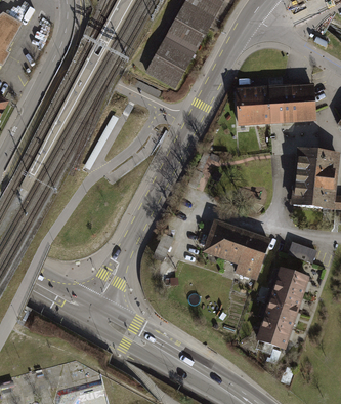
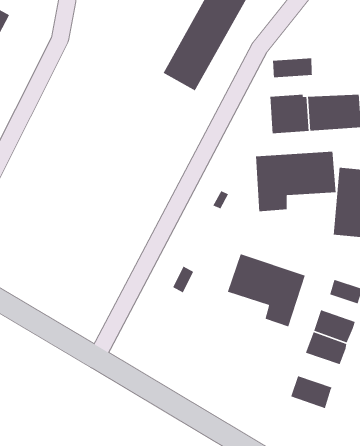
building: none -> [272,58,313,78]
building: none -> [255,151,336,212]
building: [261,304,297,332] -> none

